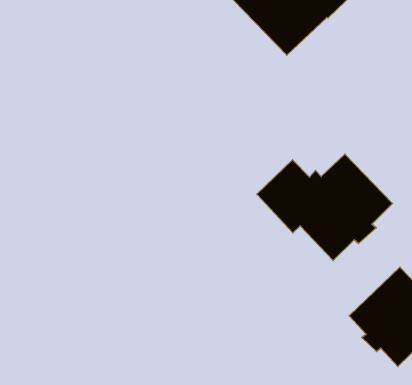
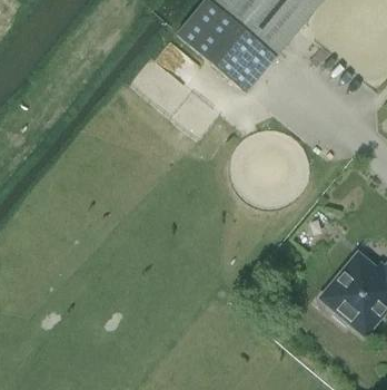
building: [257,154,392,260] -> none

